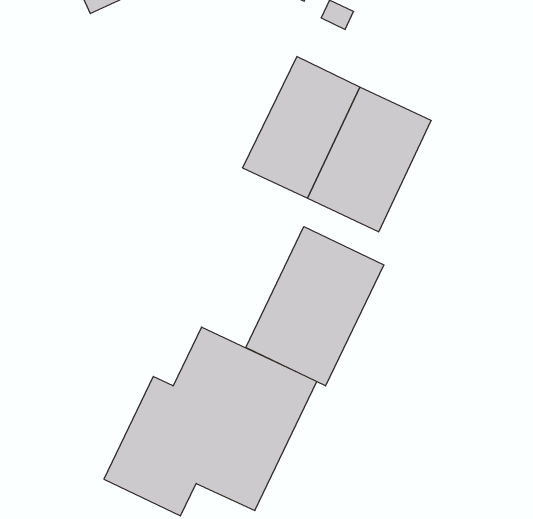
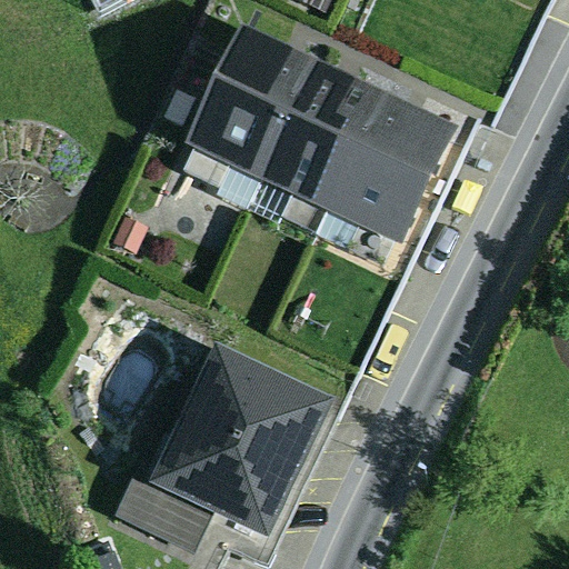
building: none -> [183,23,315,178]
building: [246,227,384,386] -> none

